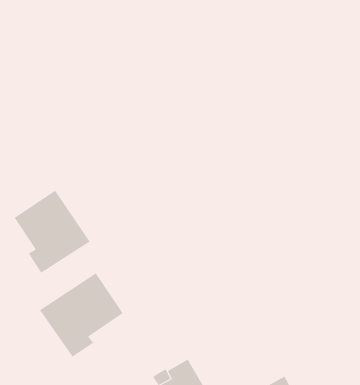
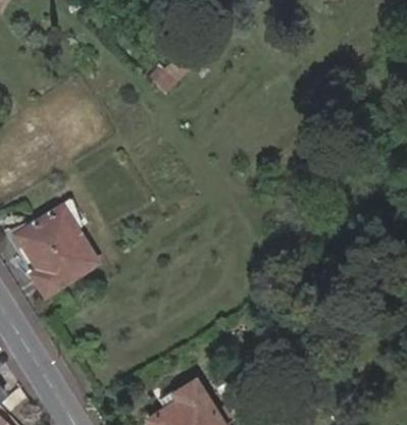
building: [39,272,123,358] -> none

